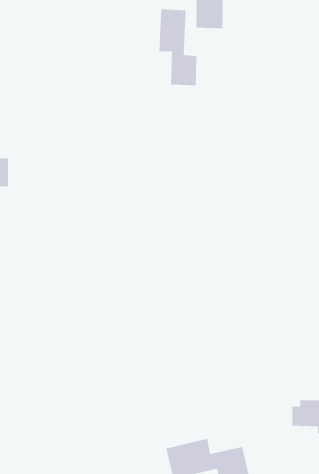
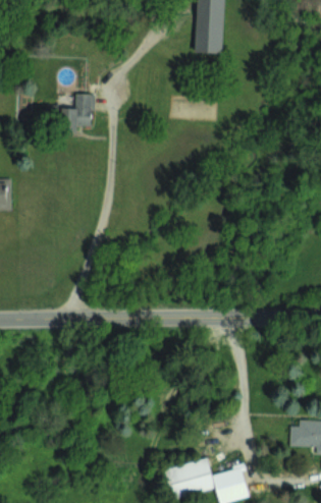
building: [159,9,197,86] -> none
building: none -> [61,94,92,131]

